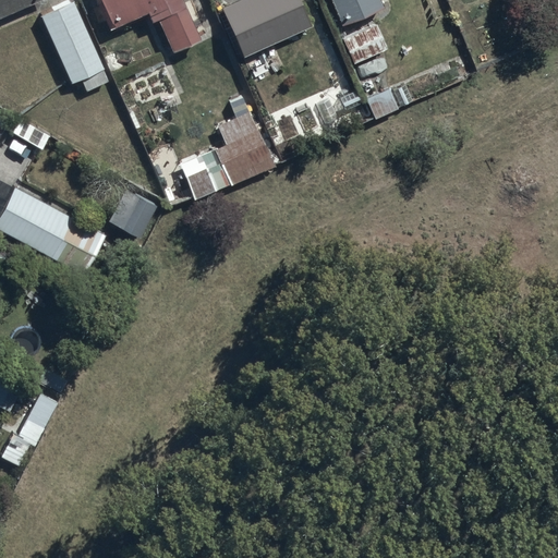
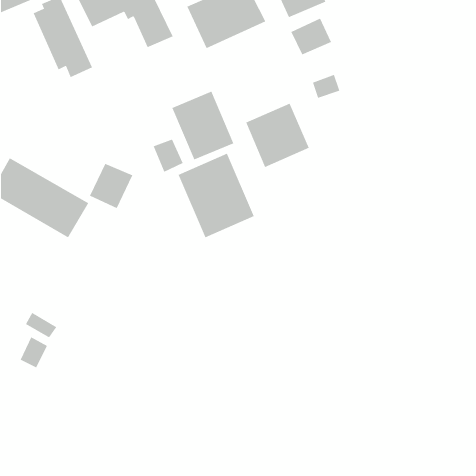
building: none -> [245,103,309,168]
building: none -> [178,153,254,238]

